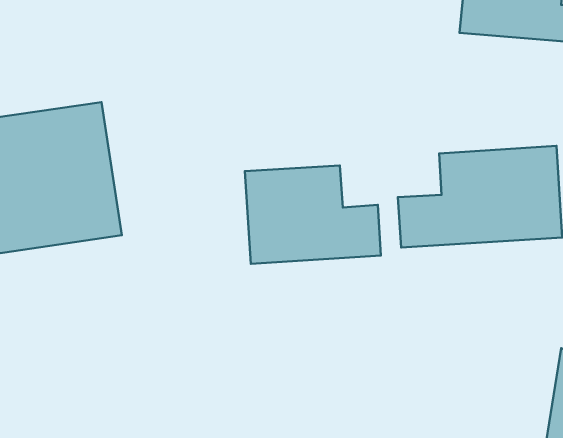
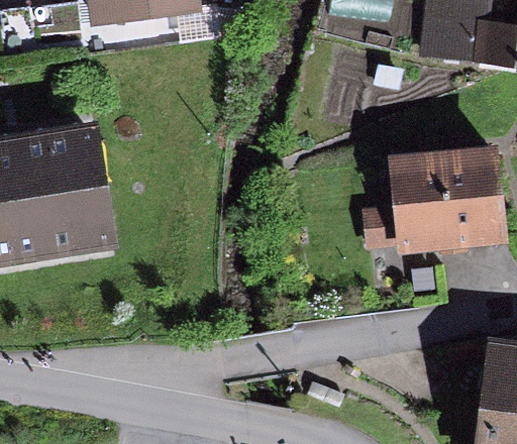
building: [245,166,381,264] -> none

